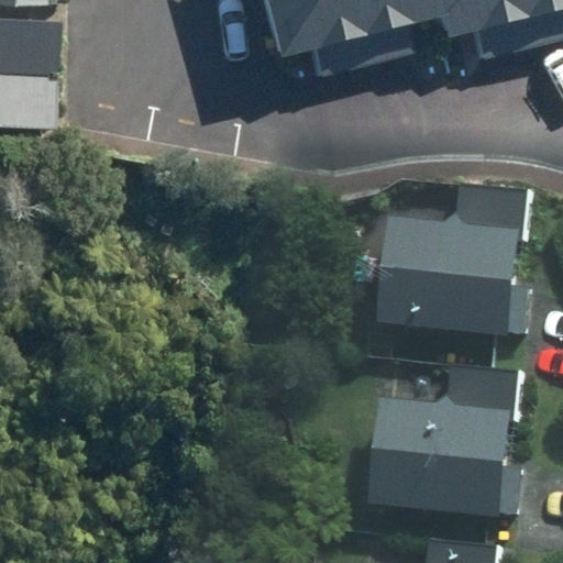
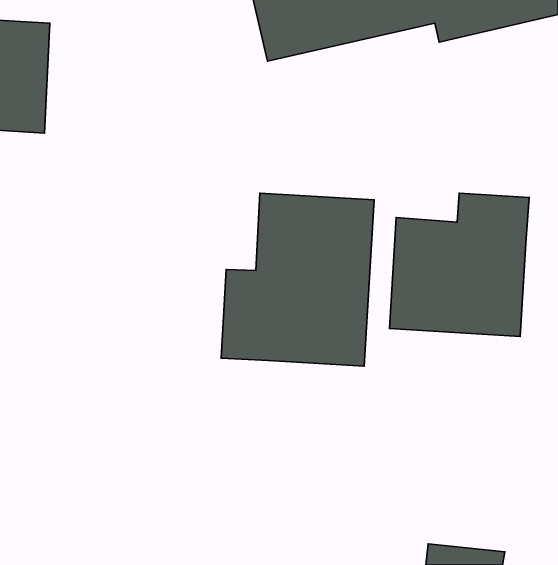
building: none -> [221,193,374,366]
building: [383,365,515,514] -> none

